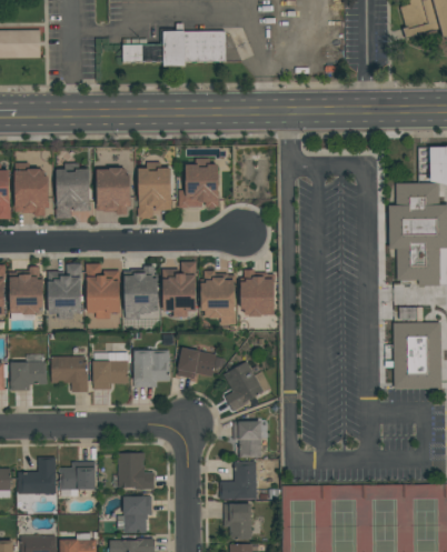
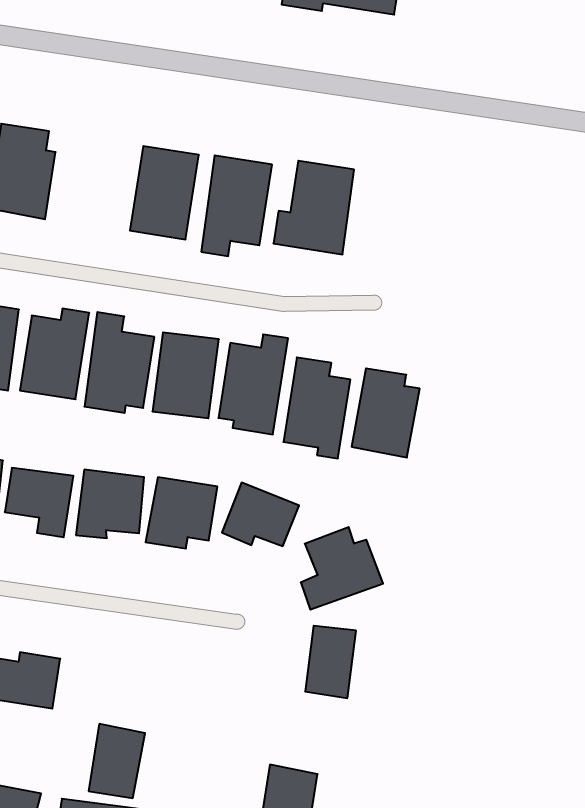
building: [57,163,89,218] -> none
building: [118,450,155,488] -> none
building: [220,464,256,498] -> none

